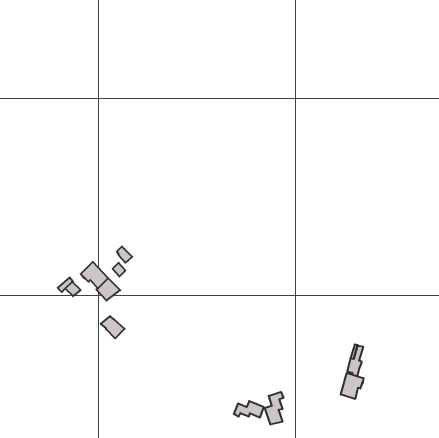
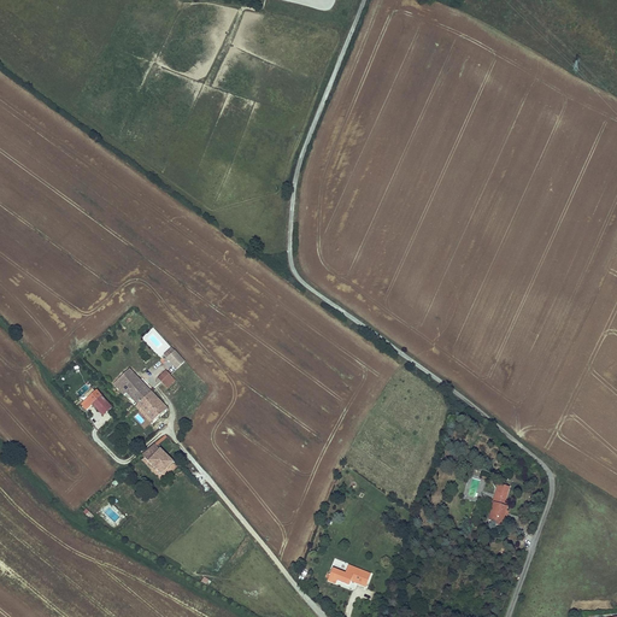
building: [341,373,364,399] -> none
building: [265,392,283,425] -> none

